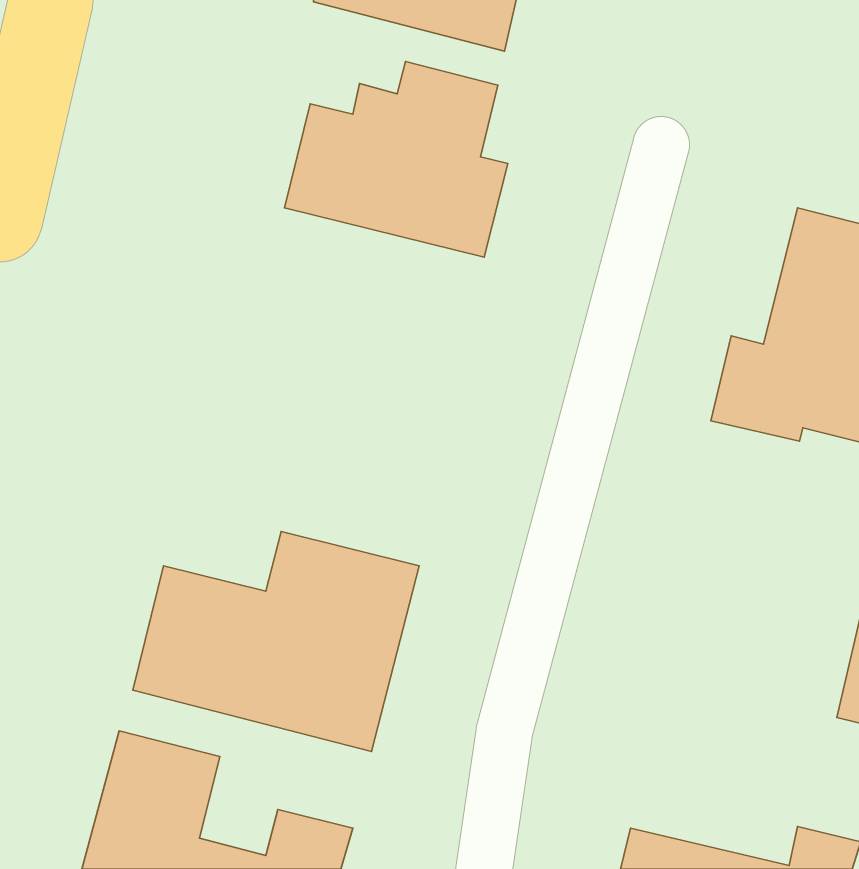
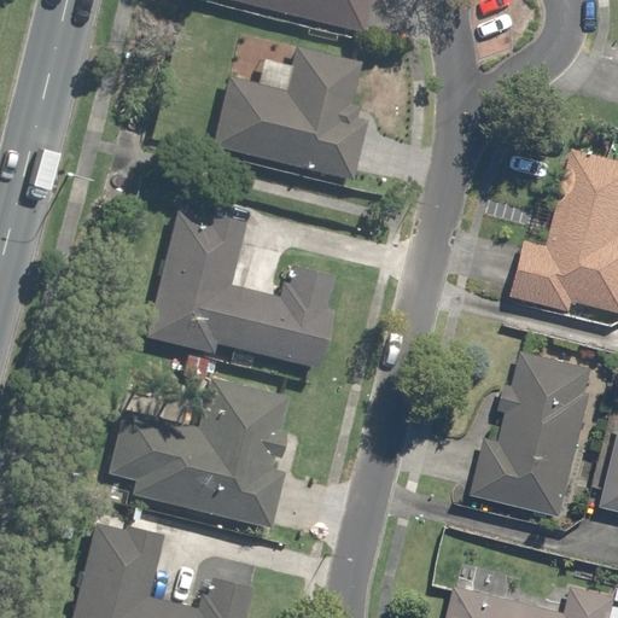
building: none -> [144,206,340,377]
building: none -> [472,350,594,518]

